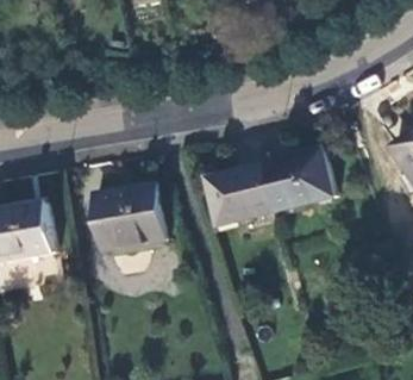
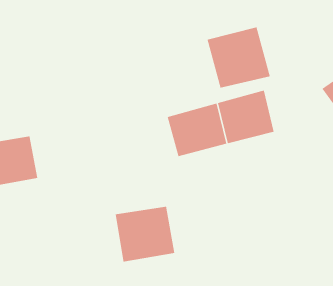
building: none -> [207,27,270,89]
building: [93,183,164,250] -> [115,206,175,262]

